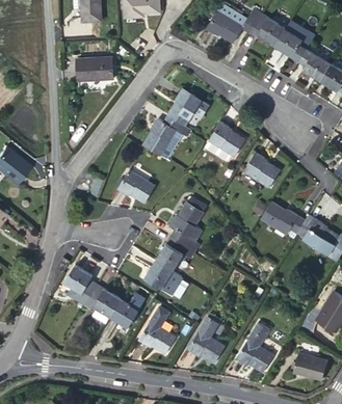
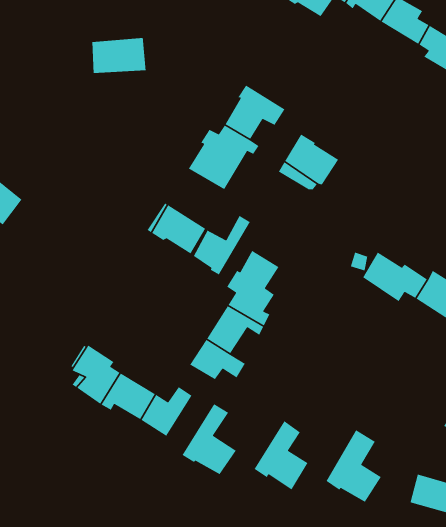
building: [242,152,280,188] -> none
building: none -> [193,215,251,276]

